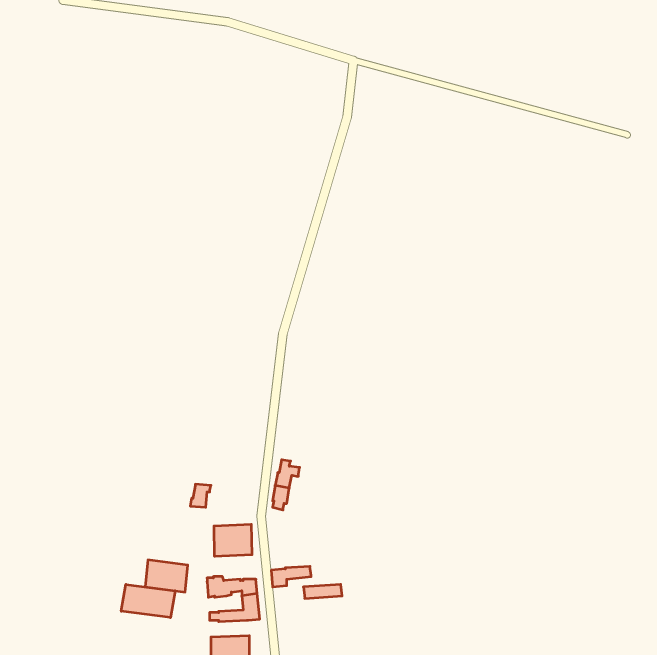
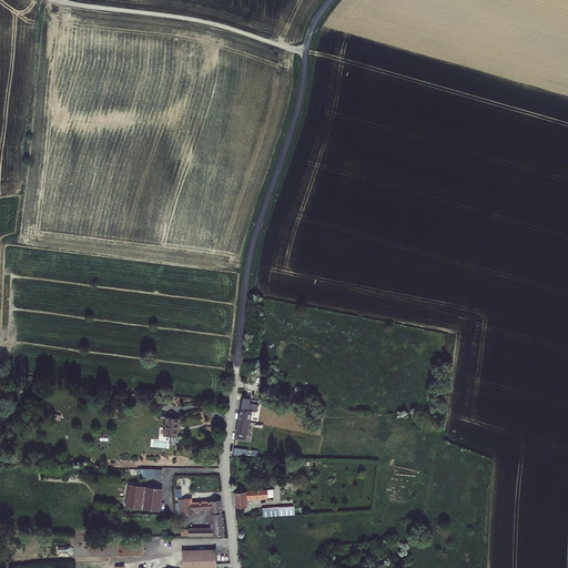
building: [214,524,252,556] -> none
building: [121,584,175,618] -> none

